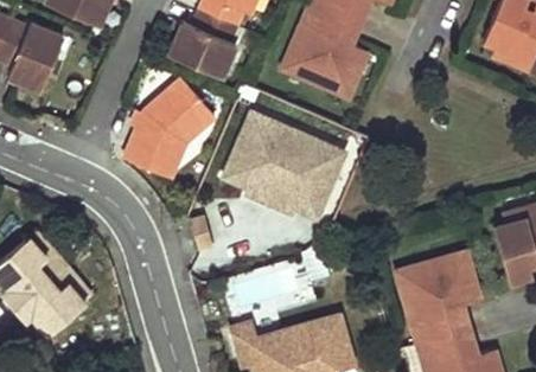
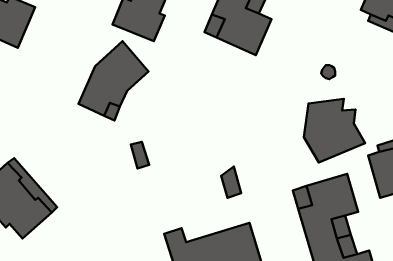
building: [216,104,352,223] -> none
building: none -> [304,99,365,163]

